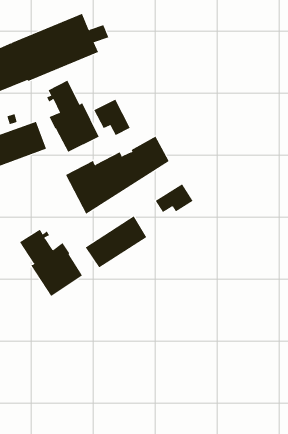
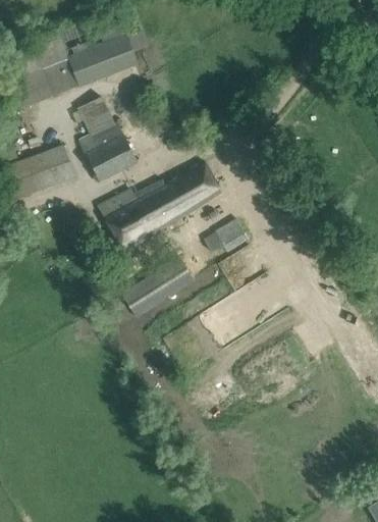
building: [93,99,131,136] -> none
building: [19,229,83,297] -> none

